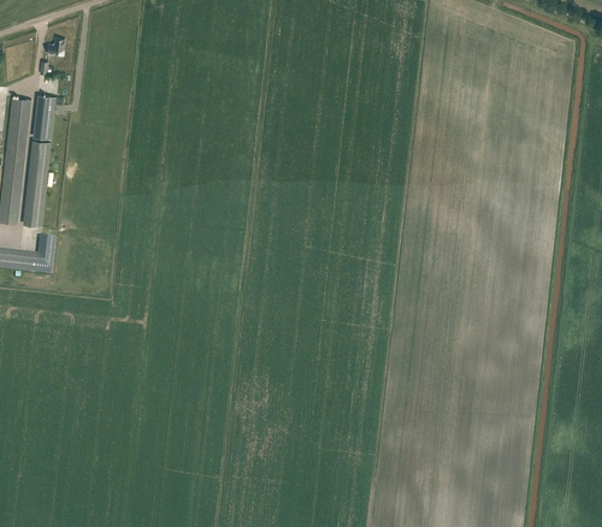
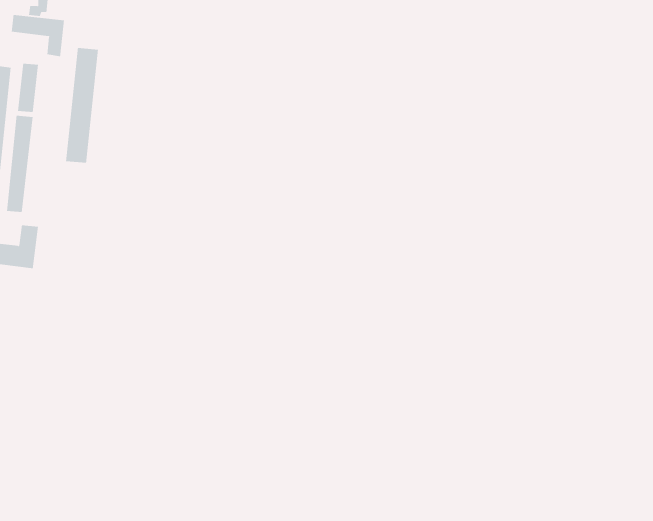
building: none -> [11,14,65,57]
building: none -> [66,47,99,164]

